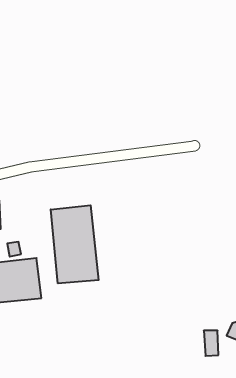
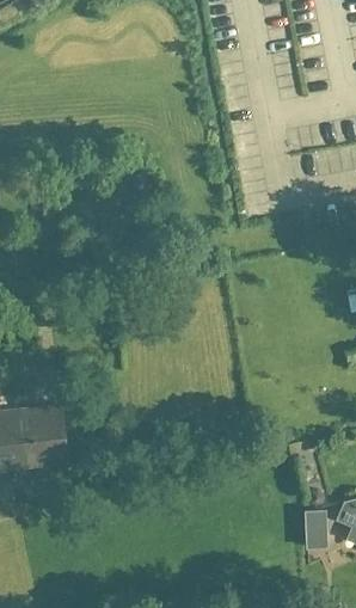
building: [51,205,99,283] -> none

